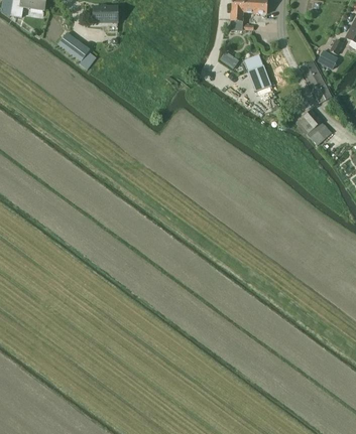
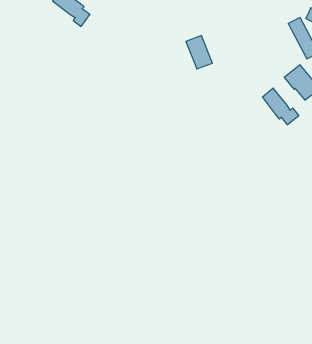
building: [244,56,271,91] -> [186,36,212,69]
building: none -> [263,88,299,125]

